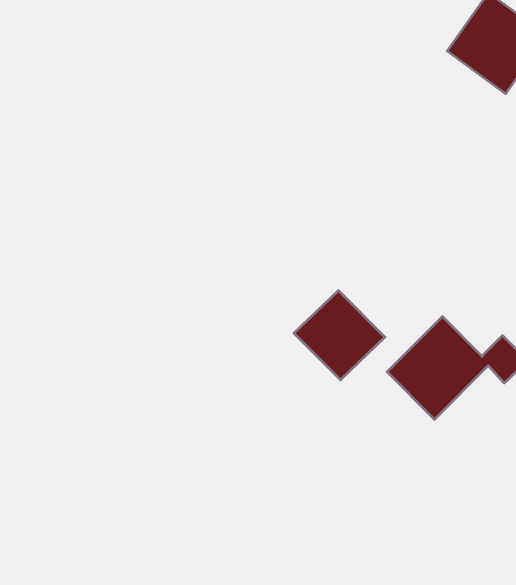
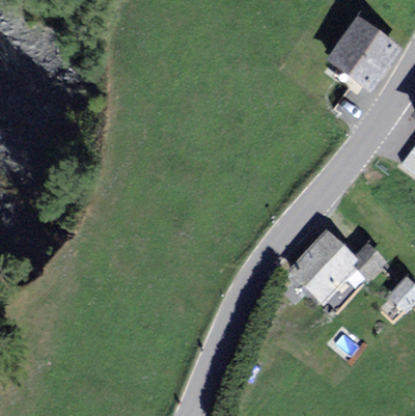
building: [294,291,385,380] -> none

